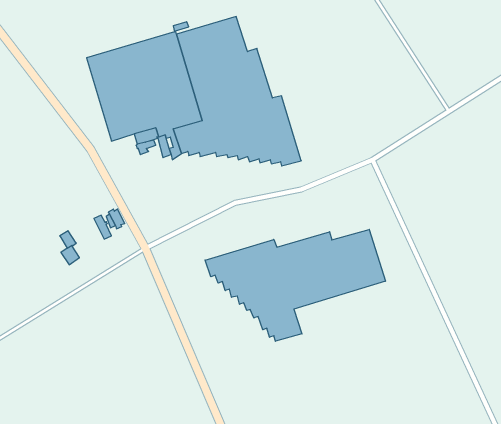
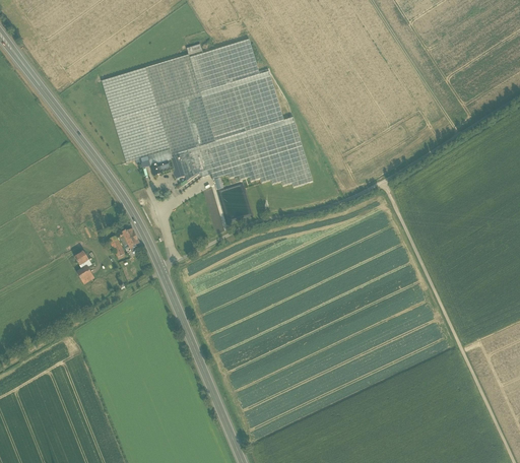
building: [205,229,385,341] -> none

